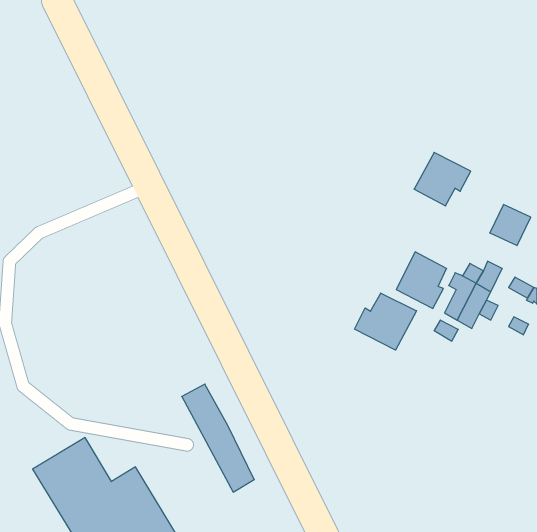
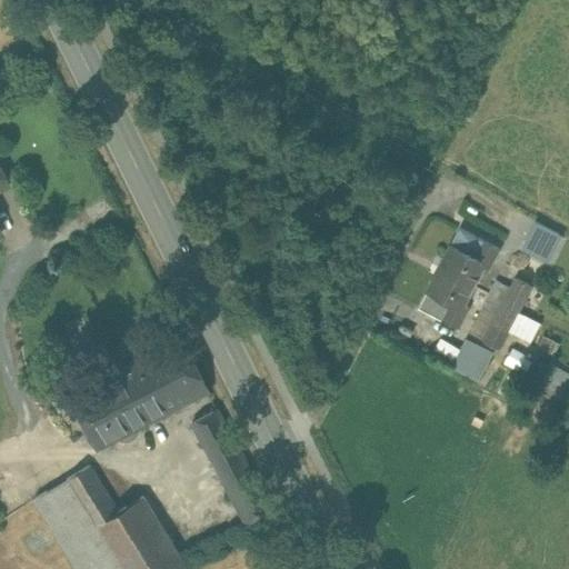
building: [414,152,471,206] -> [439,232,499,289]
building: [355,293,417,350] -> none
building: none -> [72,342,208,449]

